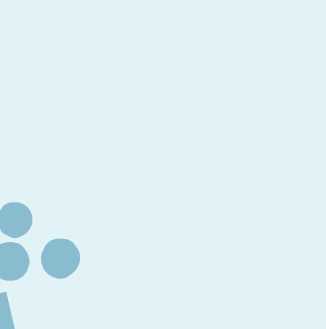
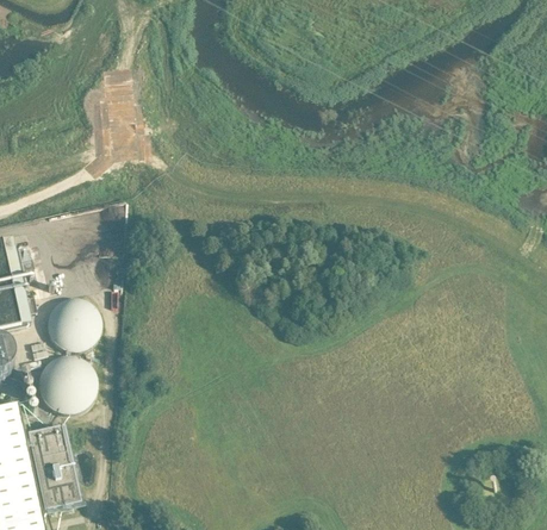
building: [40,238,81,280] -> none

